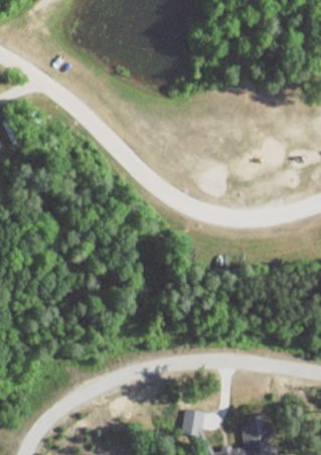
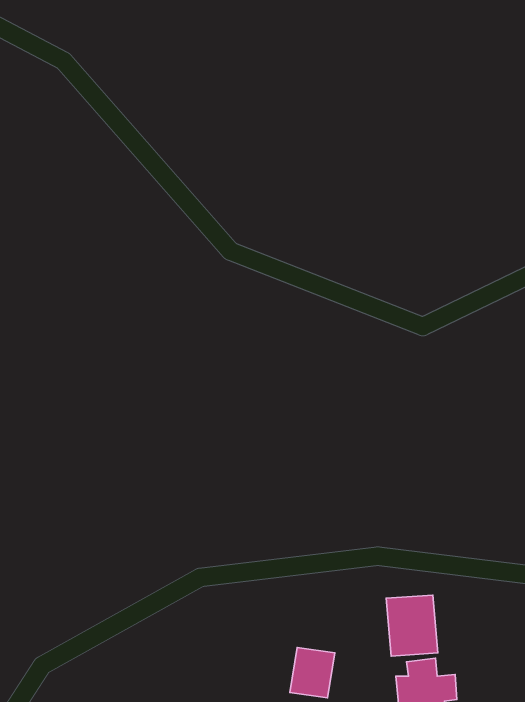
building: none -> [386,595,438,656]

